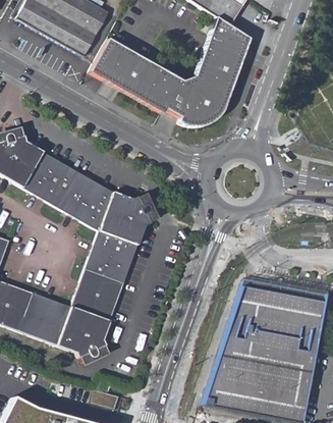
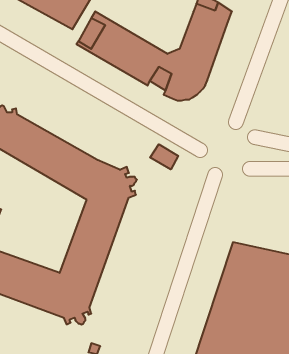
building: none -> [150,144,178,169]

